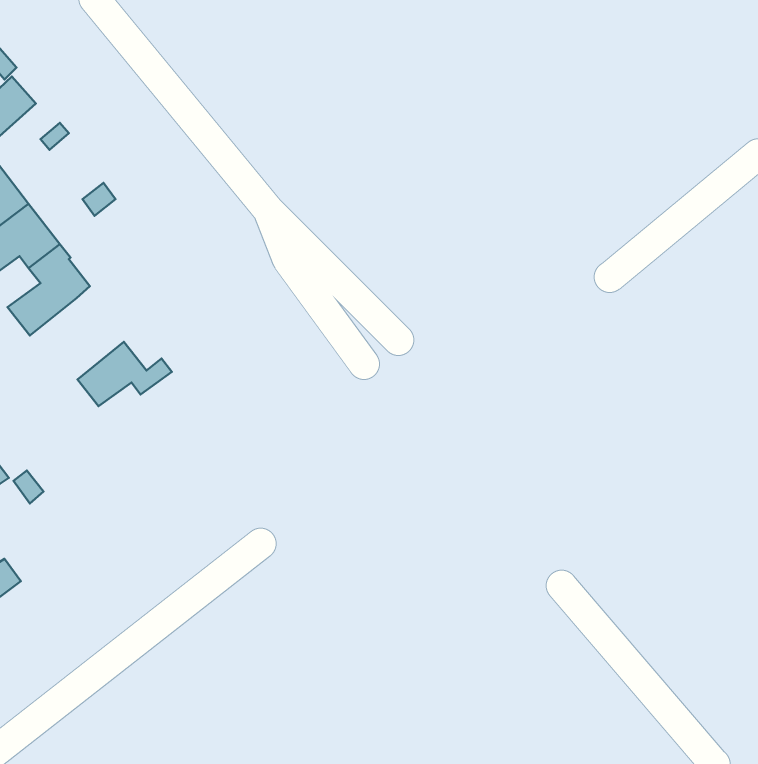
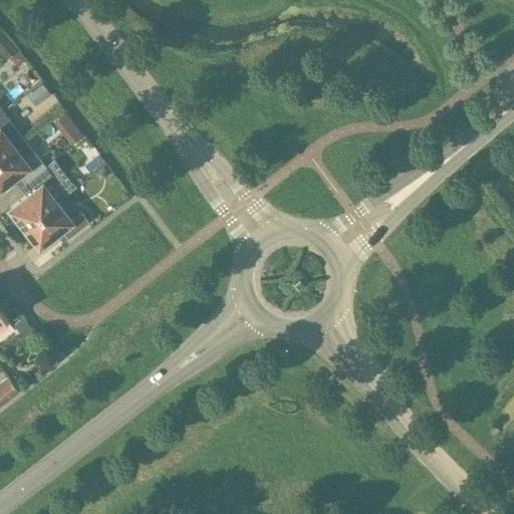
building: [78,342,172,406] -> [20,200,83,243]

